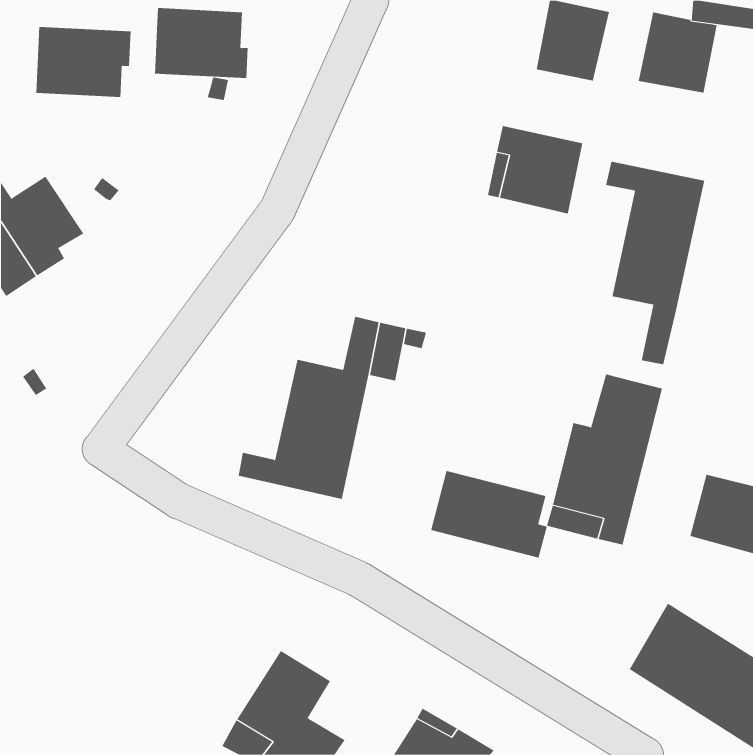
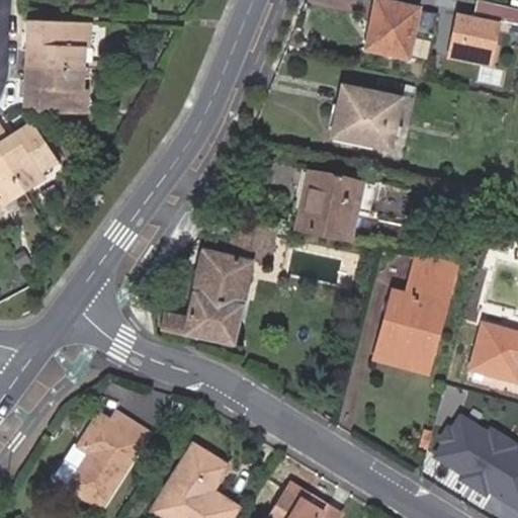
building: [154,8,249,79] -> [23,64,88,112]
building: [605,161,705,365] -> none
building: none -> [295,170,362,241]
building: [430,470,547,558] -> none
building: none -> [70,414,148,508]

